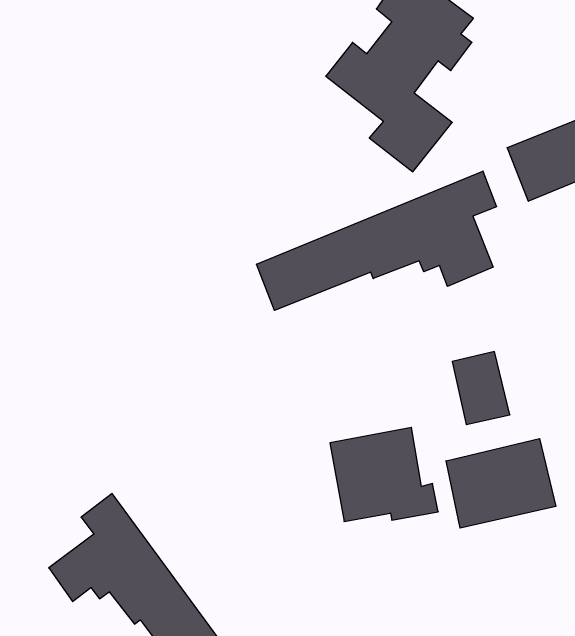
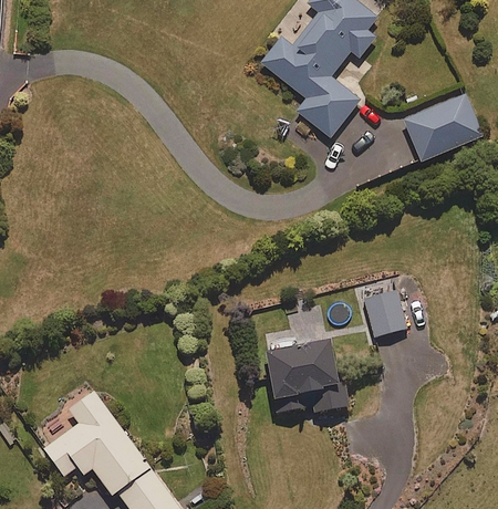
building: [257,171,496,310] -> none
building: [446,439,556,528] -> none

